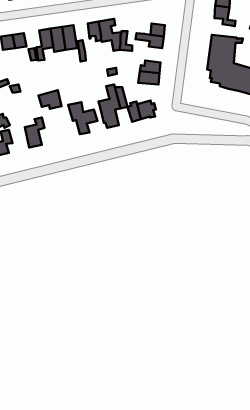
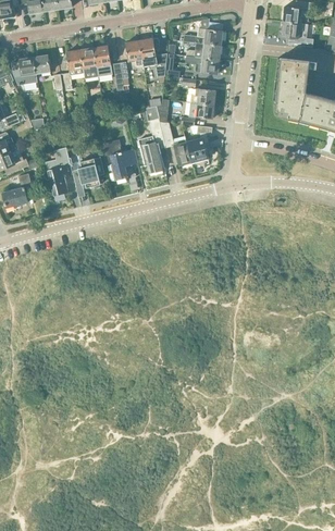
building: none -> [184,18,223,45]
building: [38,90,61,109] -> [73,164,101,187]

